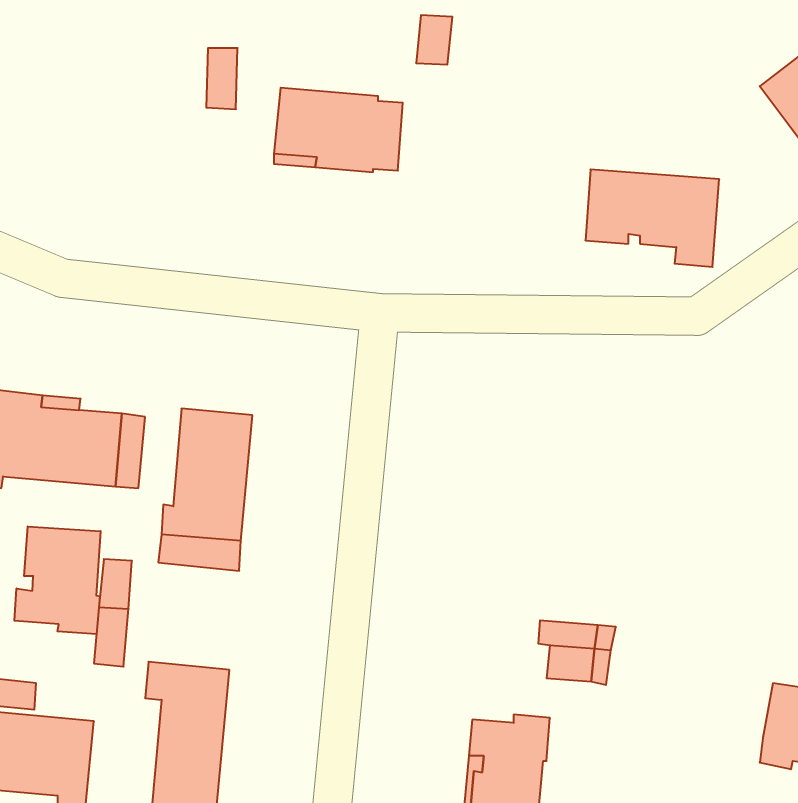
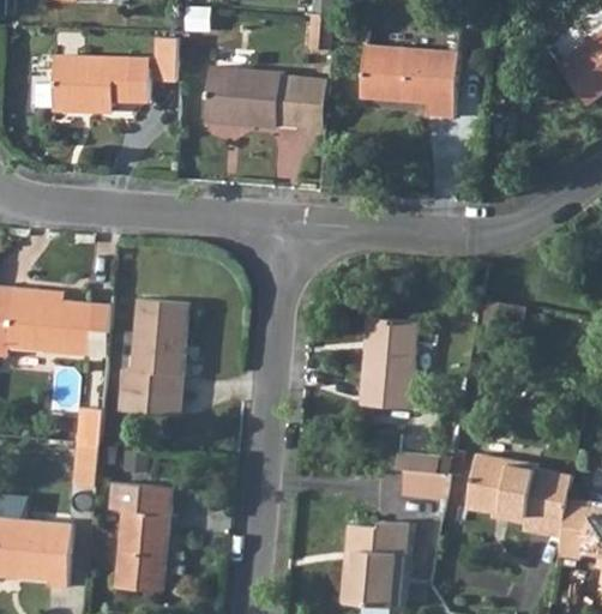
building: none -> [52,55,149,109]
building: none -> [294,77,327,128]
building: [585,169,719,267] -> [360,46,457,116]
building: none -> [360,318,416,409]
building: [14,526,101,634] -> none
building: none -> [465,453,571,537]

